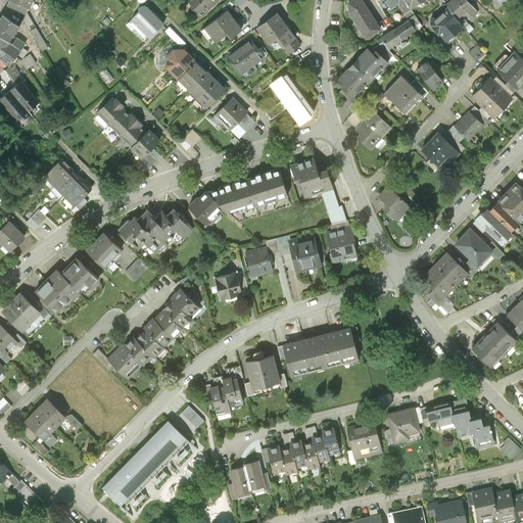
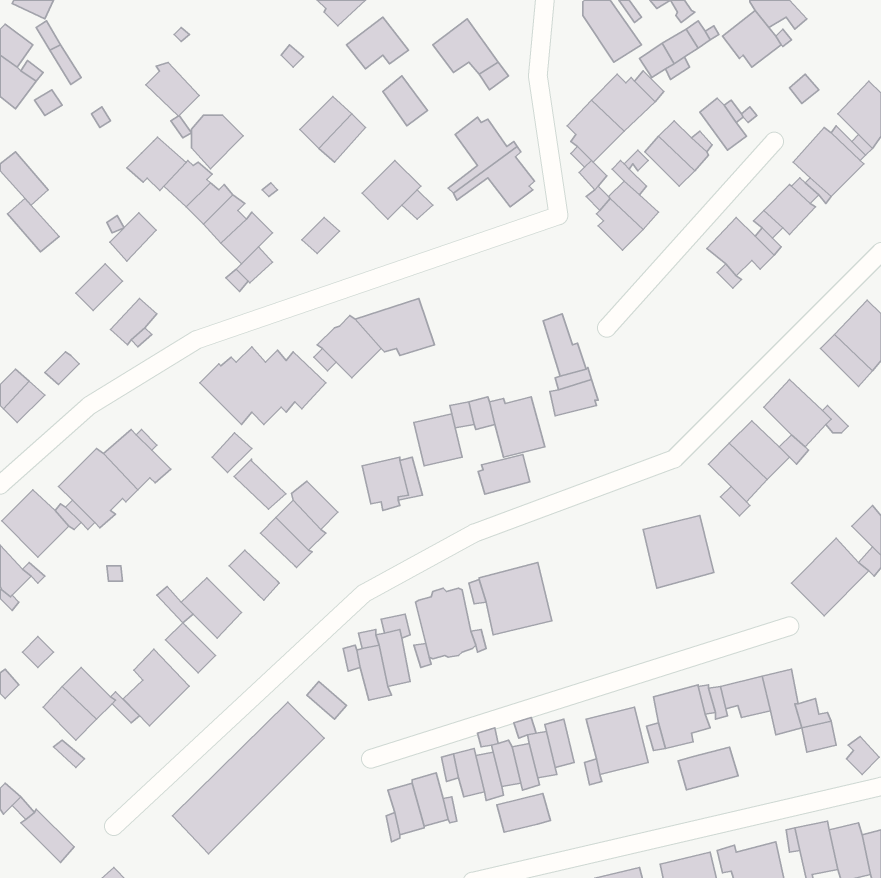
building: [132,7,163,39] -> [146,63,199,116]
building: [238,38,266,67] -> none
building: [167,47,197,79] -> [191,115,243,169]
building: [198,78,227,107] -> none
building: [9,83,40,114] -> [8,198,59,252]
building: none -> [127,137,186,191]
building: [290,157,333,197] -> none
building: [55,169,83,197] -> [110,213,156,261]
building: [248,169,289,206] -> none
building: [376,184,408,220] -> none
building: [474,208,509,242] -> none
building: [86,231,124,268] -> none
building: [327,242,358,266] -> [478,454,530,494]
building: [144,317,175,346] -> [234,459,286,509]
building: [319,327,361,370] -> [643,516,714,588]
building: [124,335,153,365] -> [166,623,216,673]
building: none -> [123,649,189,726]
building: none -> [678,747,738,790]
building: none -> [497,793,550,832]

